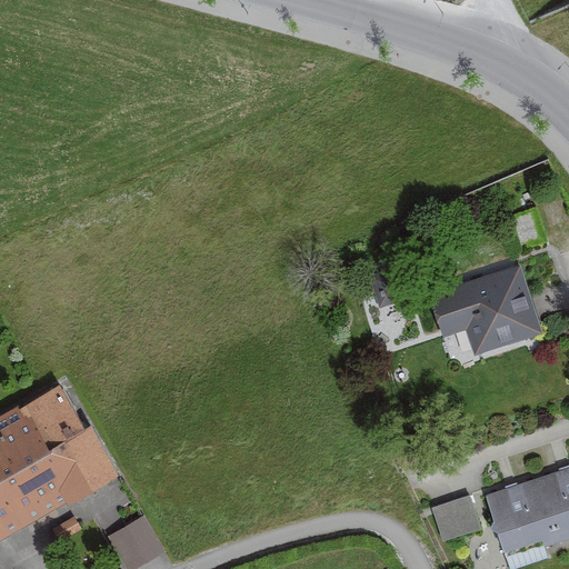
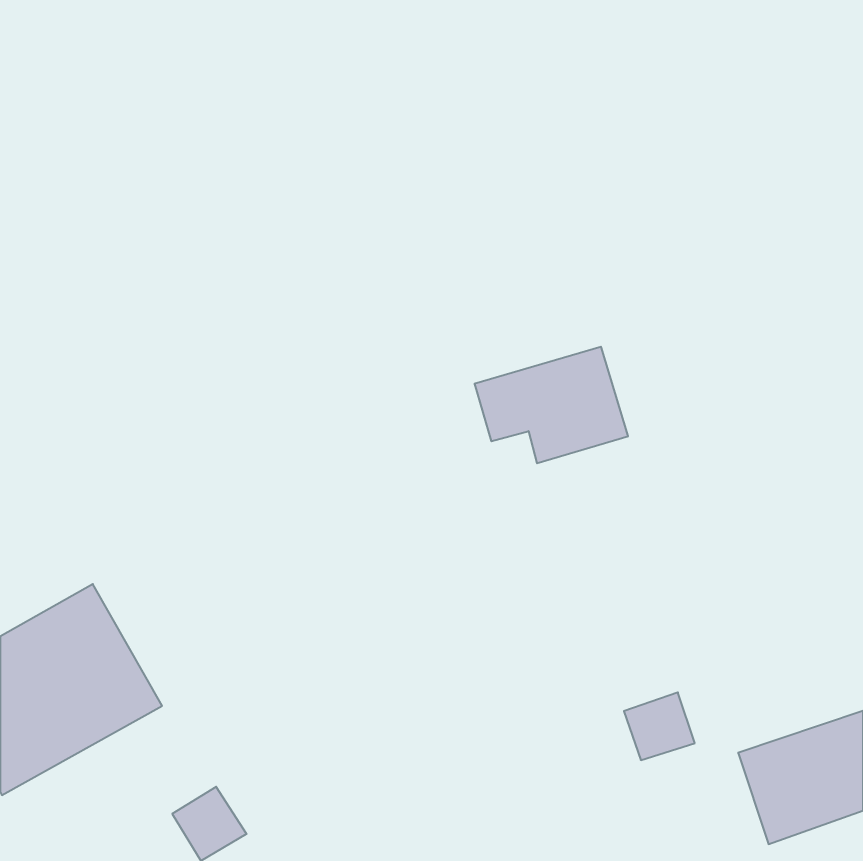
building: [436,271,537,348] -> [474,347,628,463]
building: [435,496,481,540] -> [624,692,695,760]

